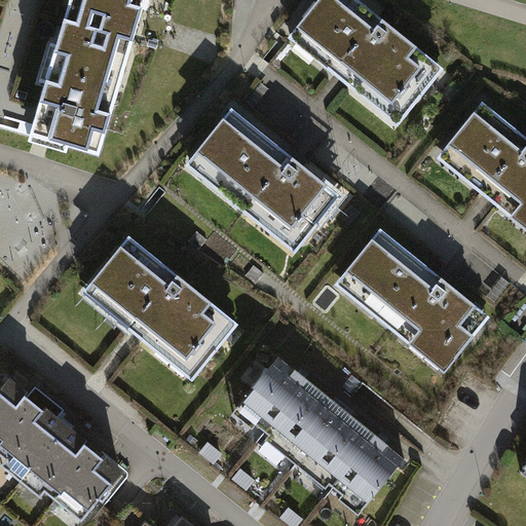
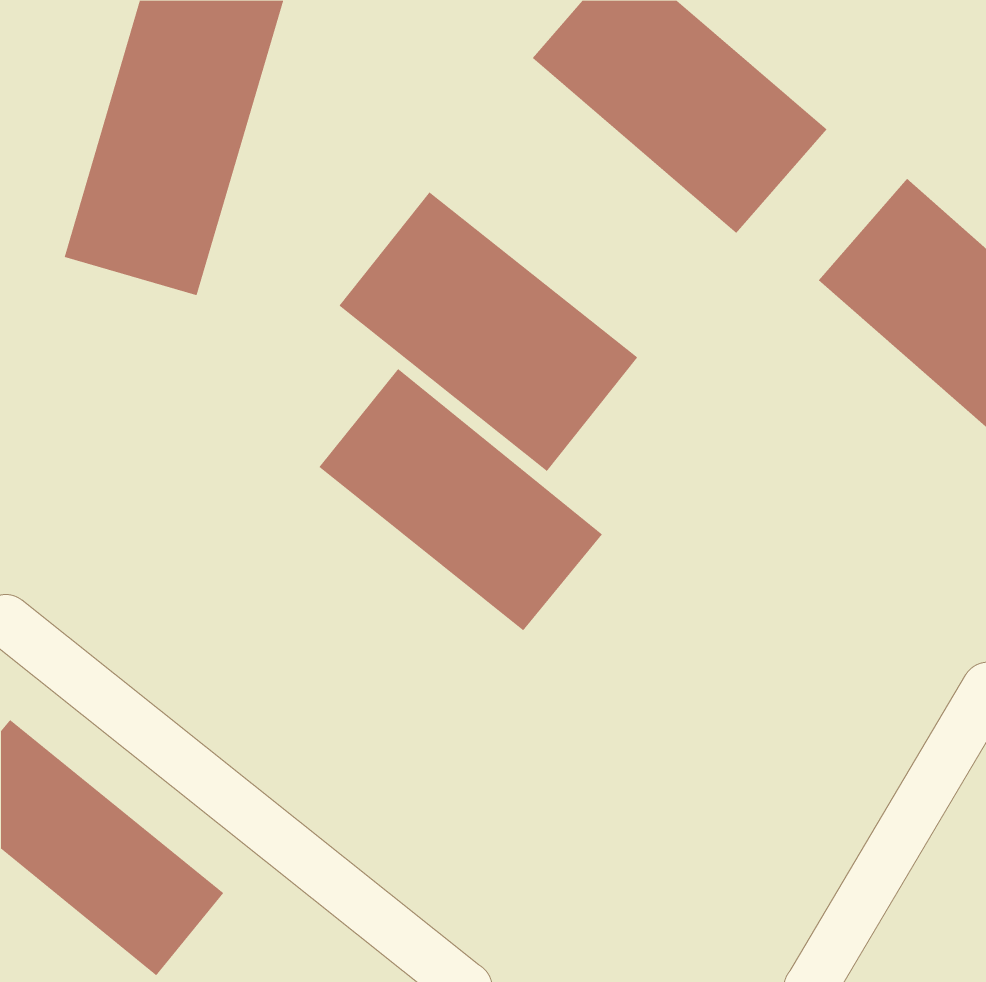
building: [340,228,486,364] -> none
building: [86,234,237,374] -> [319,368,603,631]
building: [233,356,404,513] -> none

